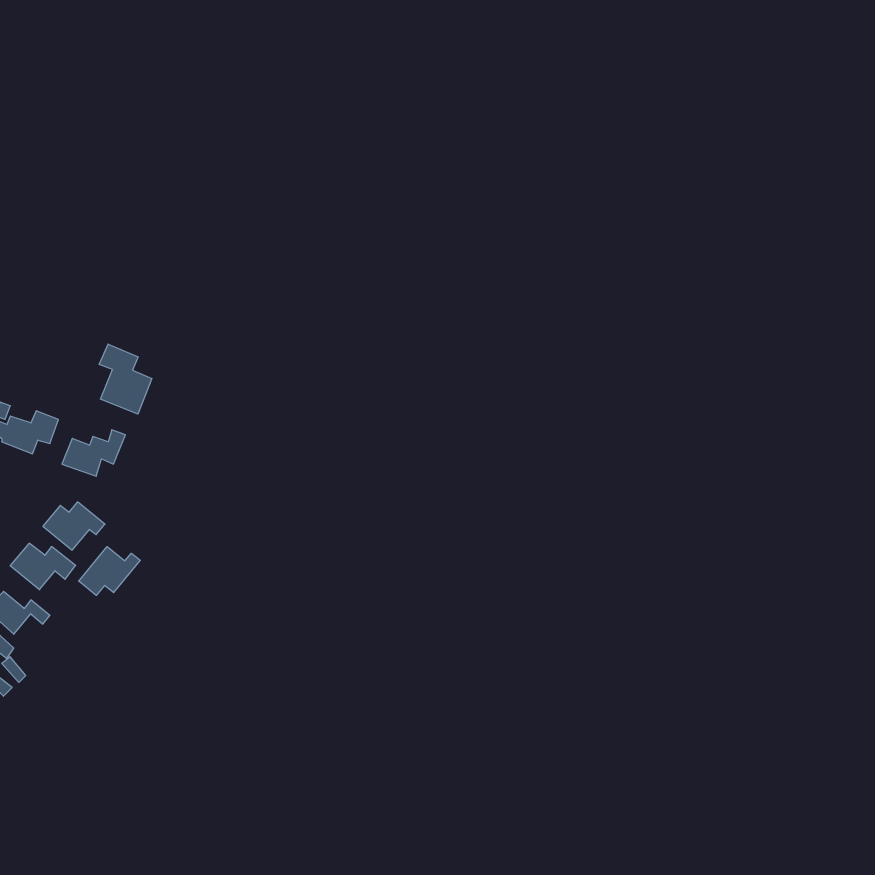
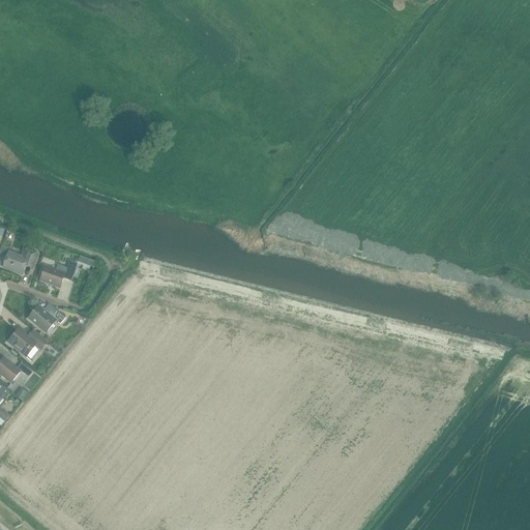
building: [99,344,152,414] -> none
building: [79,547,140,595] -> none

